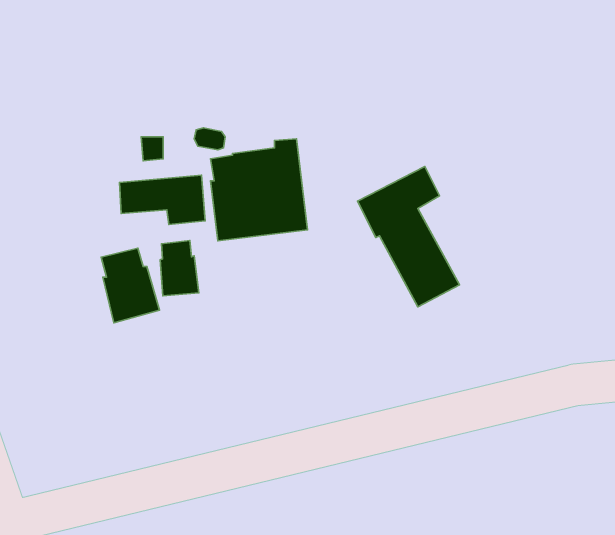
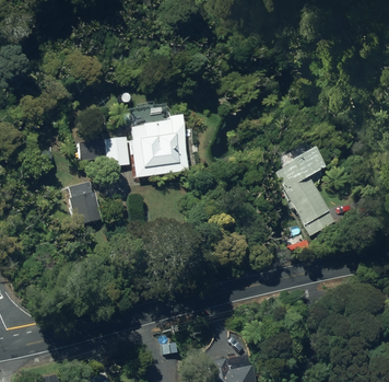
building: [357,167,460,307] -> [274,150,335,234]
building: [160,240,199,296] -> none

